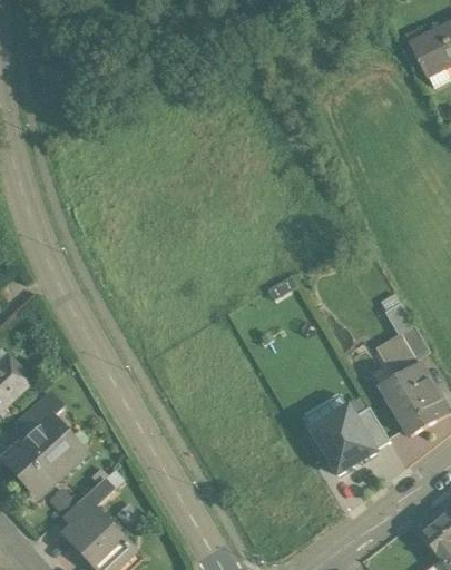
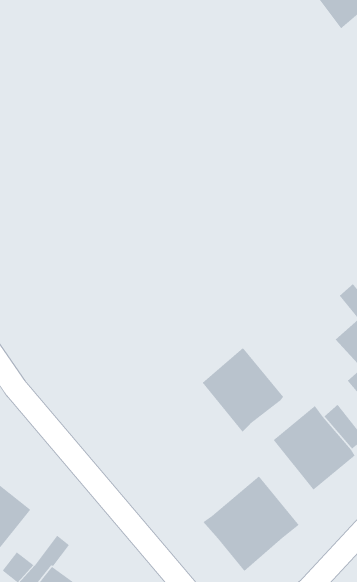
building: none -> [202,347,284,432]
building: none -> [203,476,299,572]

